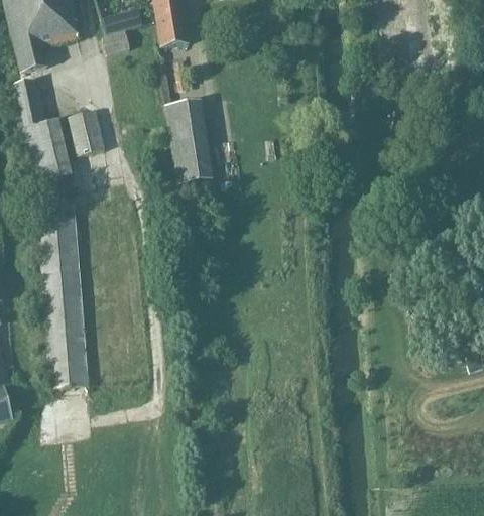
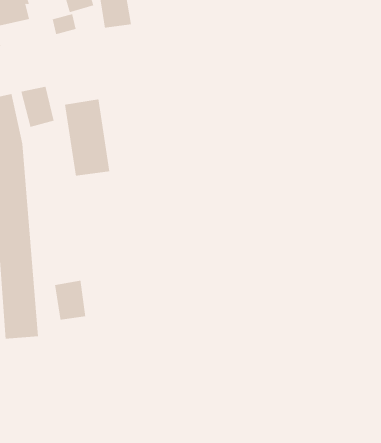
building: [163,99,214,183] -> [64,99,110,176]
building: none -> [55,280,86,320]

